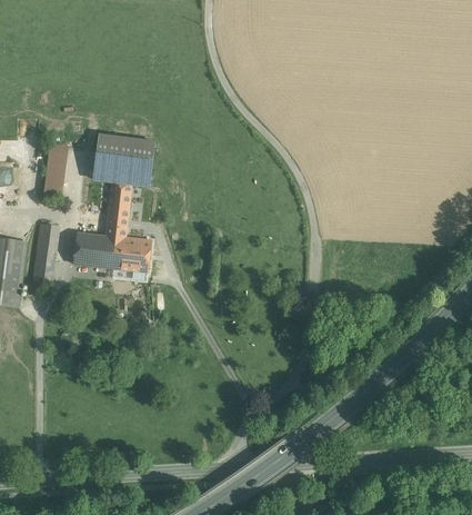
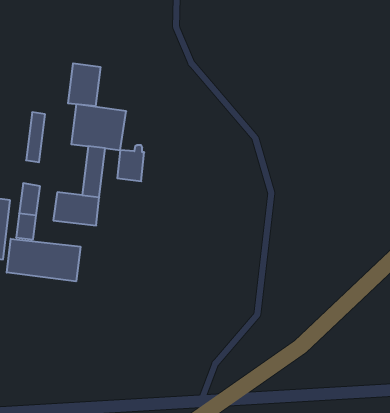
building: none -> [68,63,100,106]
building: [121,231,151,271] -> [117,145,144,181]
building: none -> [7,239,80,281]

